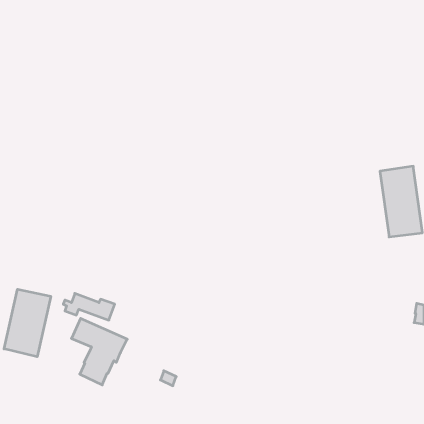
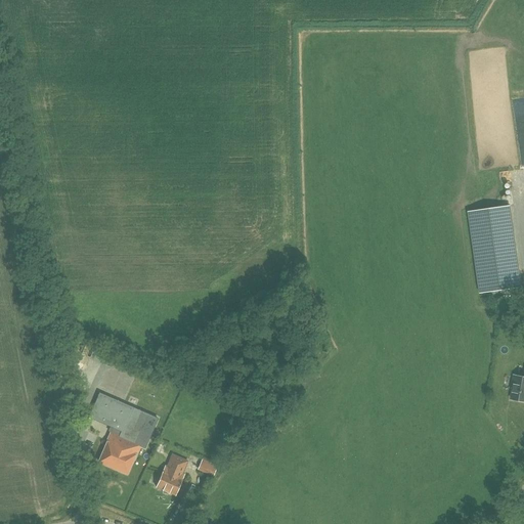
building: [4,289,51,357] -> none
building: none -> [156,453,187,494]

